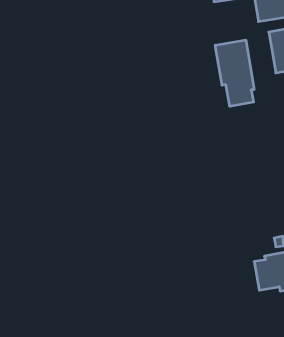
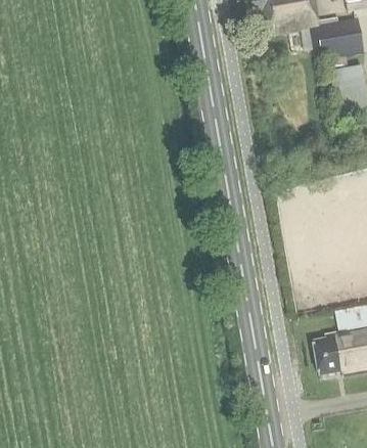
building: [215,40,254,106] -> none

